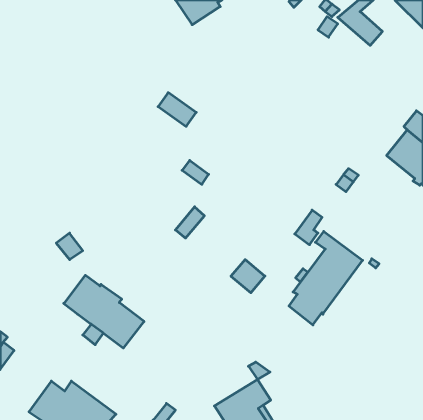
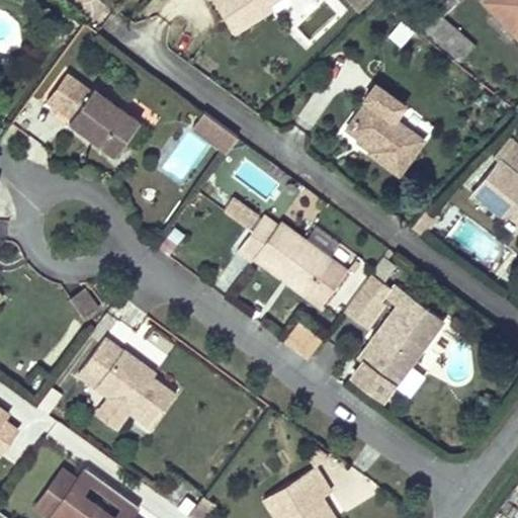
building: none -> [47,75,140,157]
building: none -> [346,85,424,176]
building: none -> [238,217,347,307]
building: none -> [344,289,383,328]

